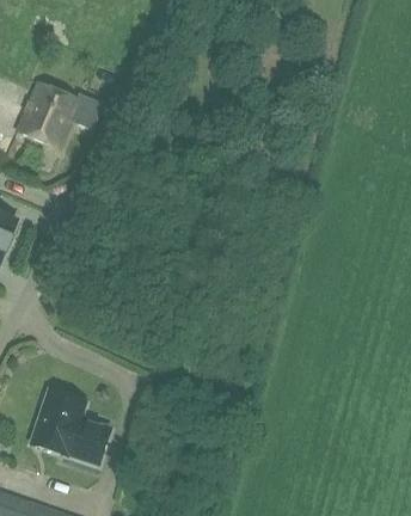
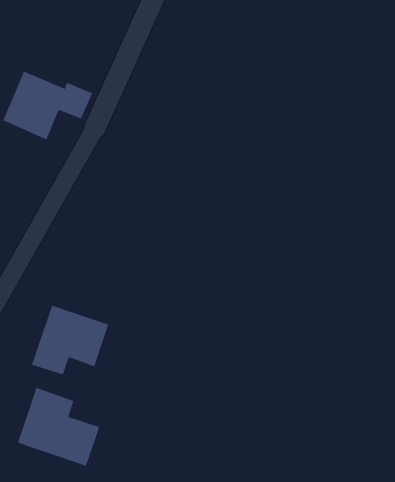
building: none -> [31,305,109,375]

